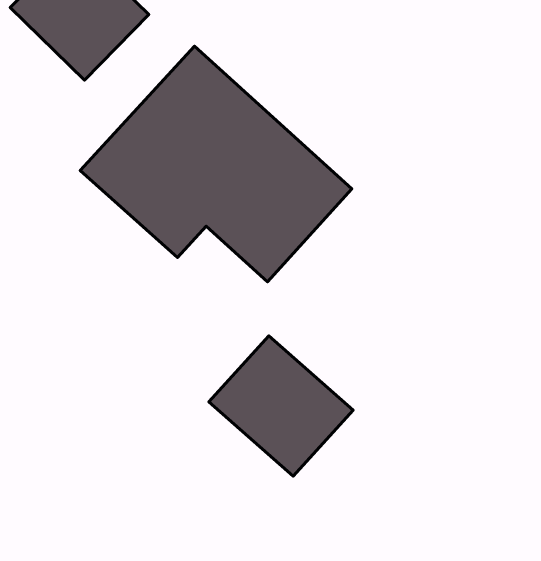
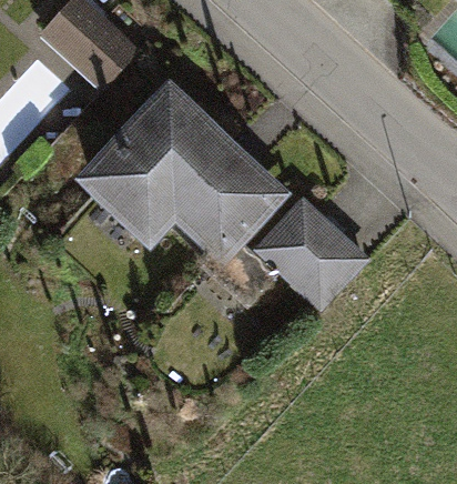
building: [209,336,353,476] -> [254,200,366,309]

